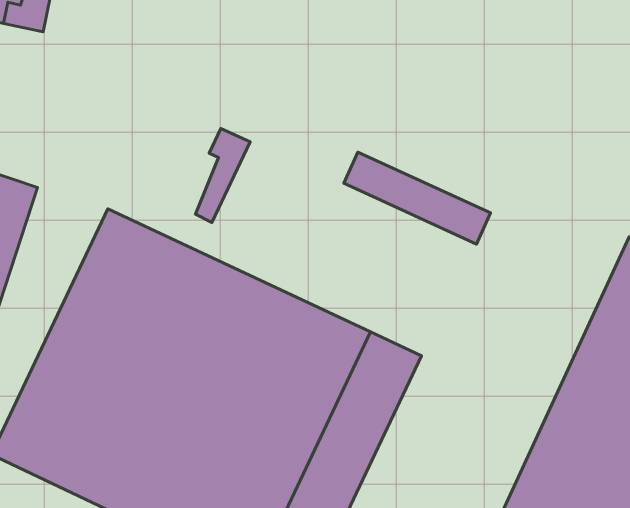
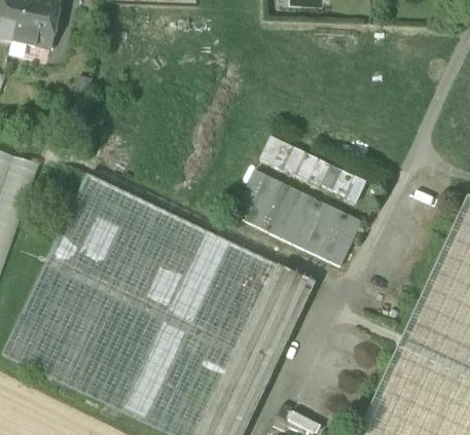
building: [196,128,250,223] -> none
building: none -> [232,170,360,263]

